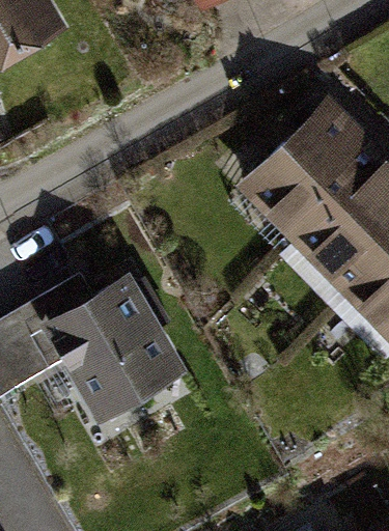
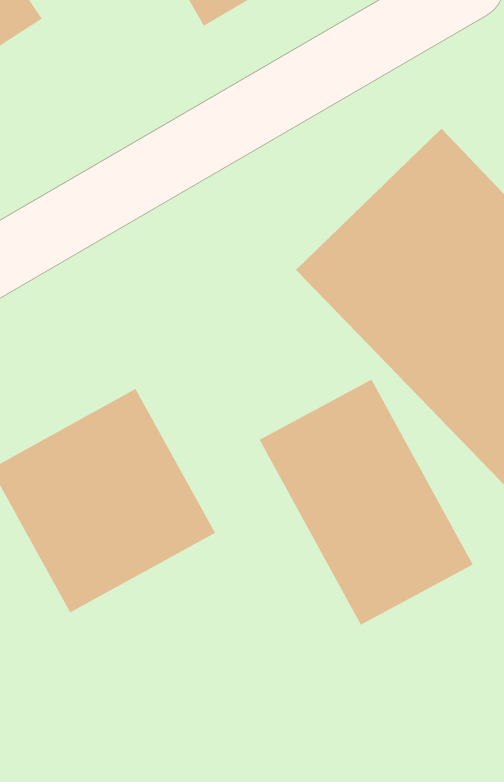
building: none -> [258,378,474,626]

